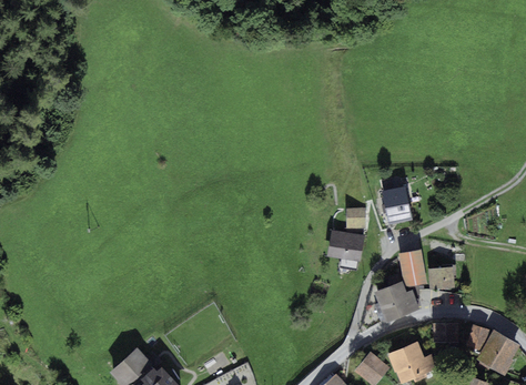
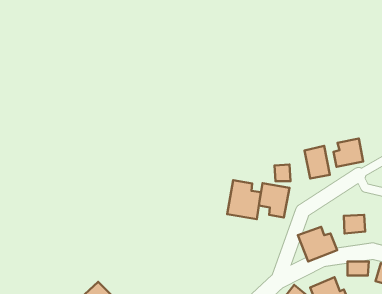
building: none -> [334,138,363,167]
building: none -> [227,180,261,219]
building: [398,250,426,286] -> none

